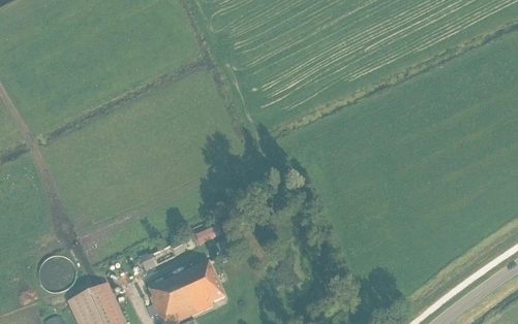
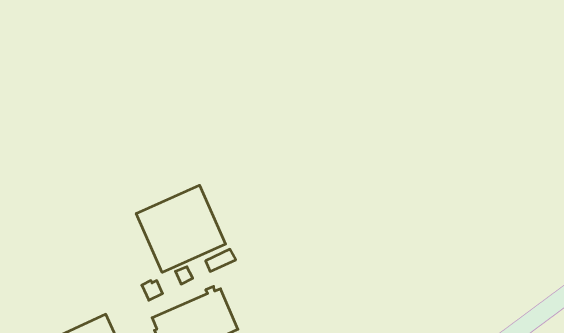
building: none -> [136,185,226,272]

